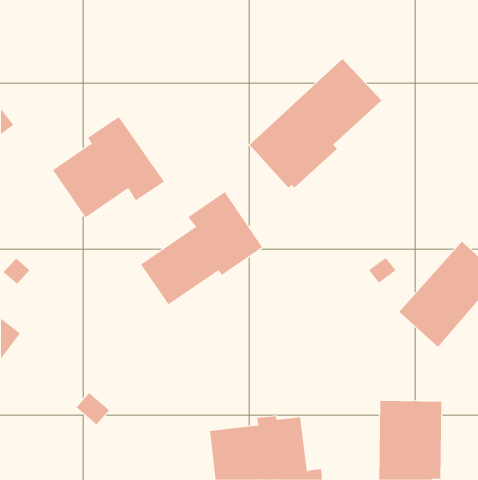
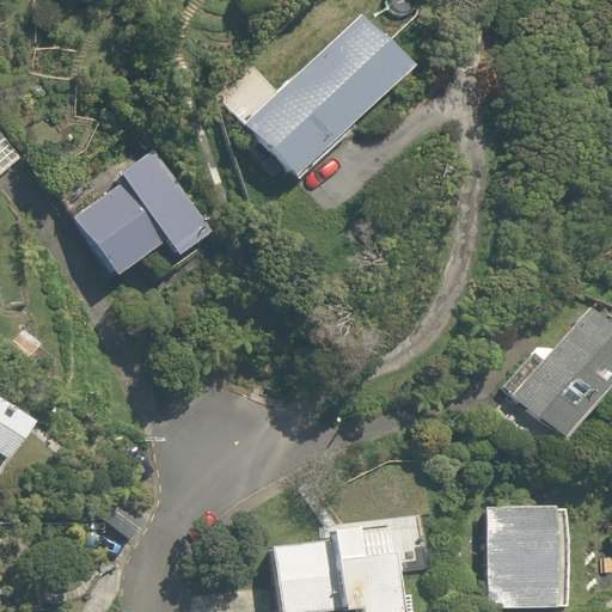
building: [249,58,382,188] -> [245,12,414,177]
building: [140,191,263,305] -> none

